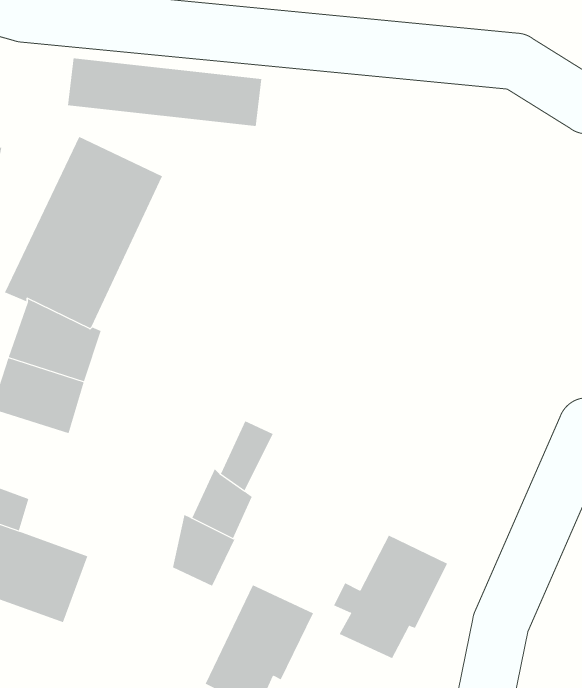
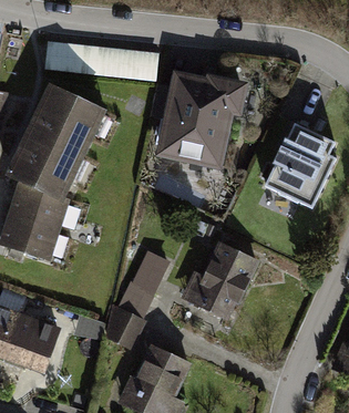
building: none -> [150,78,242,158]
building: none -> [264,123,336,208]
building: [333,535,448,659] -> [189,245,256,317]

